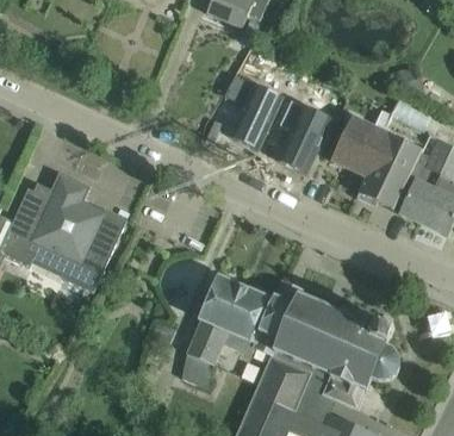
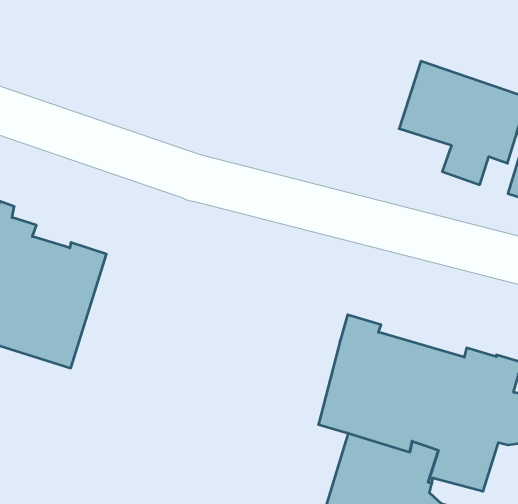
building: [222,74,281,149] -> none
building: [278,99,330,172] -> none
building: [180,276,274,386] -> none

